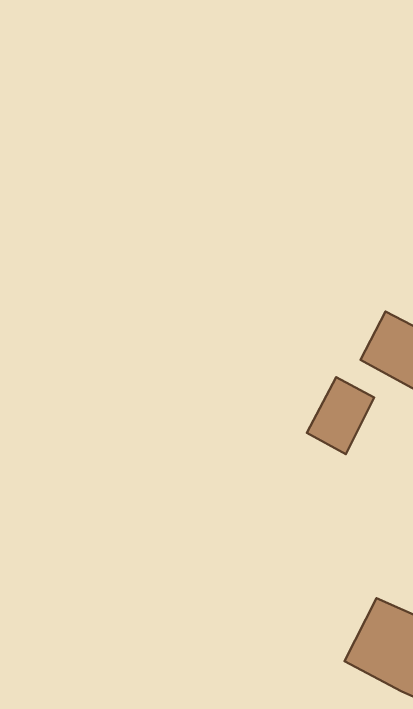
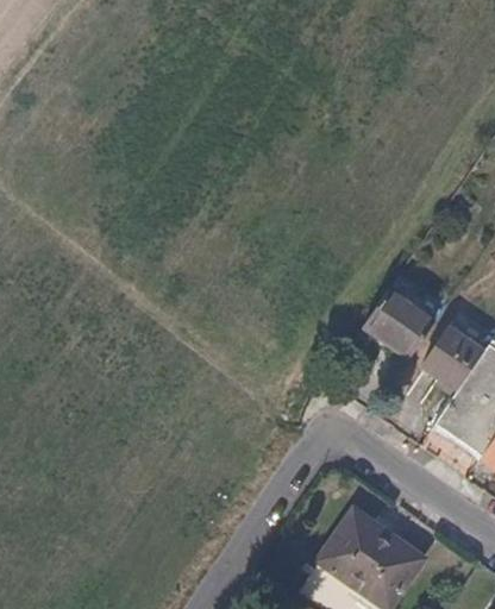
building: [307,377,374,454] -> none

